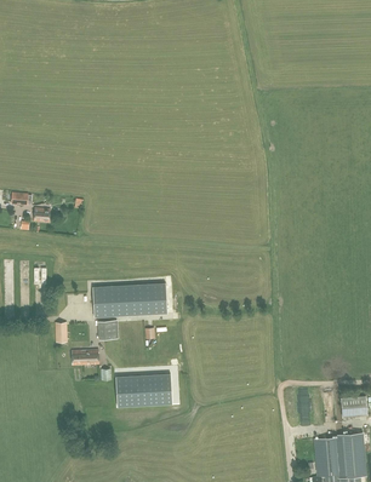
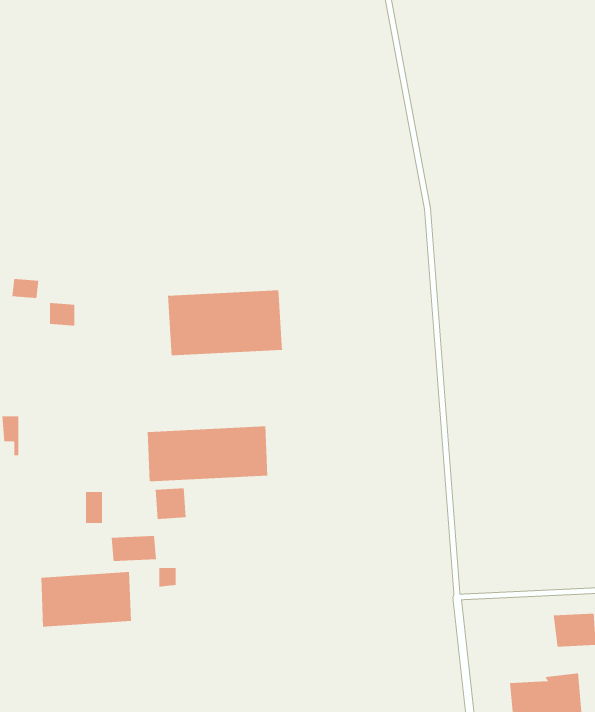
building: none -> [168,290,282,356]
building: [116,373,172,407] -> [40,571,132,627]

